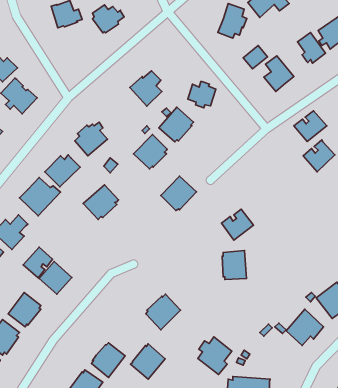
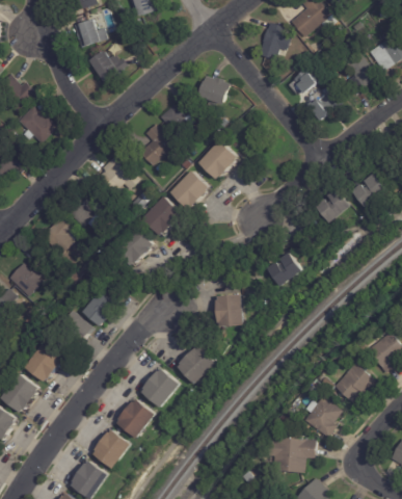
building: [92,5,124,33] -> [90,51,126,82]
building: [188,82,216,108] -> [194,74,225,103]
building: none -> [139,123,176,165]
building: [294,111,327,142] -> [316,188,352,222]
building: [161,176,196,211] -> [138,194,178,233]
building: [23,247,52,278] -> [84,291,116,325]
building: [222,251,246,280] -> [206,291,233,323]
building: [198,337,232,374] -> [304,395,342,437]
building: [131,344,165,379] -> [141,368,180,408]

